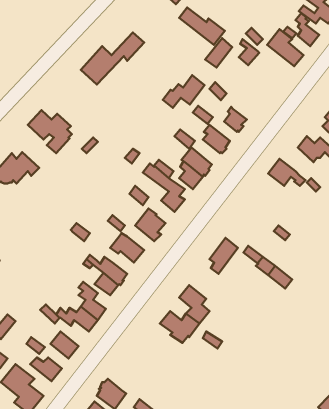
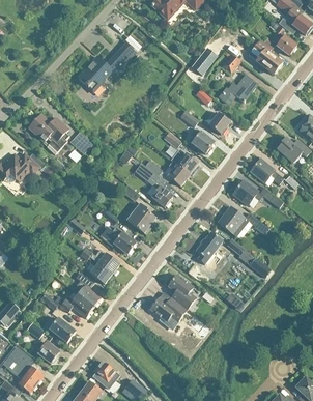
building: [179,8,225,45] -> none
building: [163,75,205,108] -> [219,75,257,105]
building: none -> [232,179,283,208]
building: none -> [218,206,248,235]

